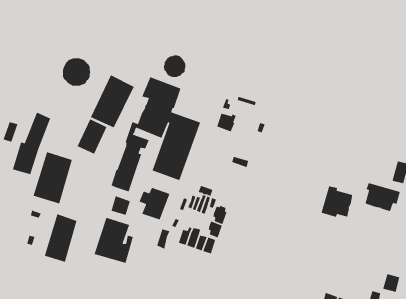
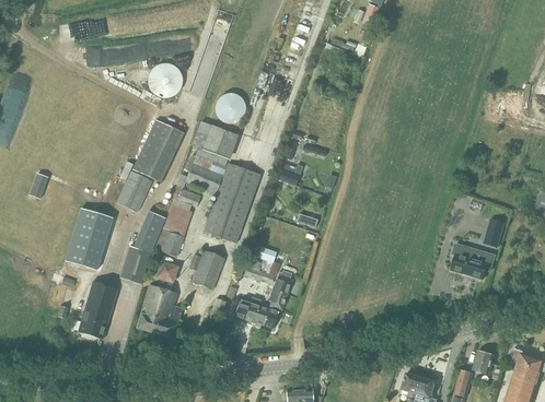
building: [62,57,91,86] -> [149,62,183,96]
building: [12,112,51,175] -> [119,210,165,284]
building: [321,185,353,218] -> none

